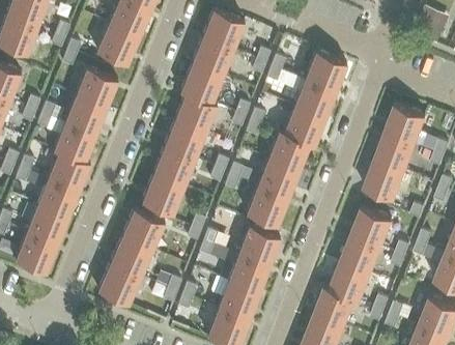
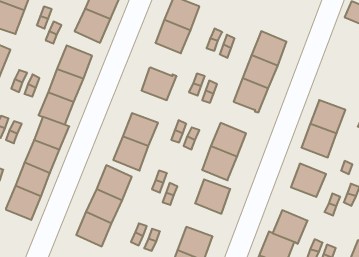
building: [180,65,222,105] -> none
building: [385,105,426,144] -> none
building: [164,121,205,160] -> none
building: [268,132,309,172] -> none
building: [341,235,381,275] -> none
building: [228,254,269,293] -> none

